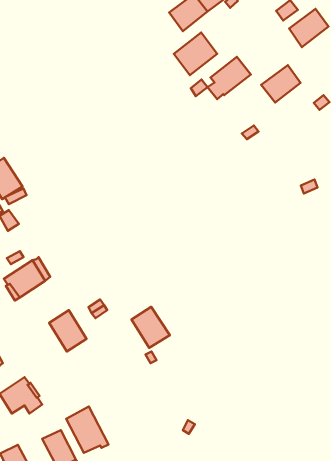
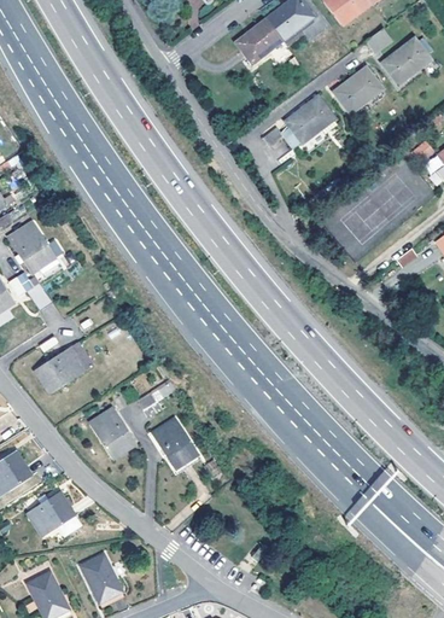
building: [174,33,217,75] -> none
building: [261,65,301,103] -> [334,68,382,113]
building: [131,307,170,348] -> [151,418,198,468]
building: [66,406,108,453] -> none

